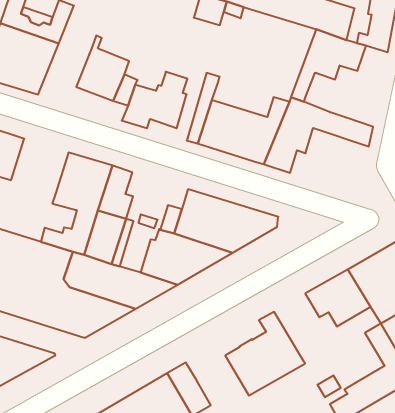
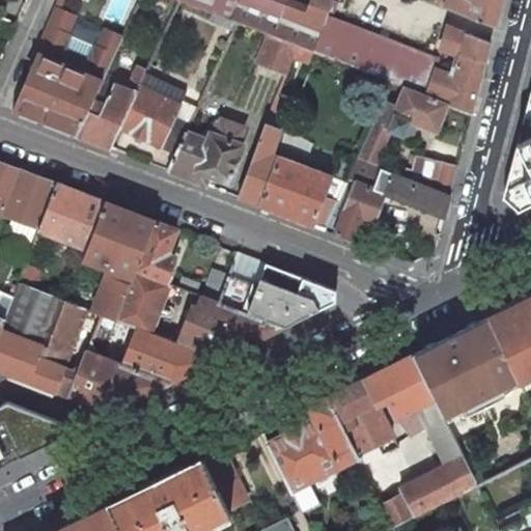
building: none -> [76,66,147,148]
building: none -> [420,159,457,196]
building: none -> [39,185,106,249]
building: none -> [326,379,393,455]
building: none -> [395,398,445,435]

